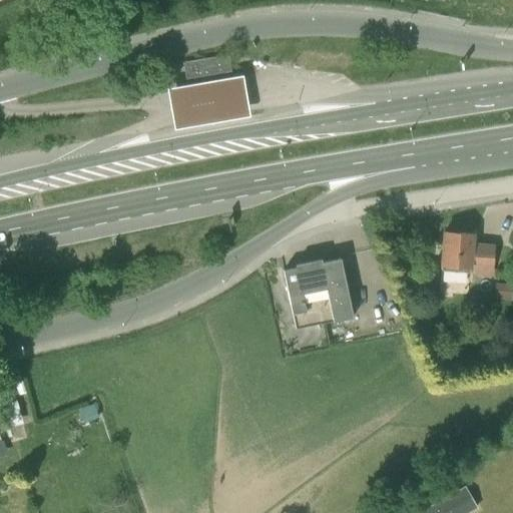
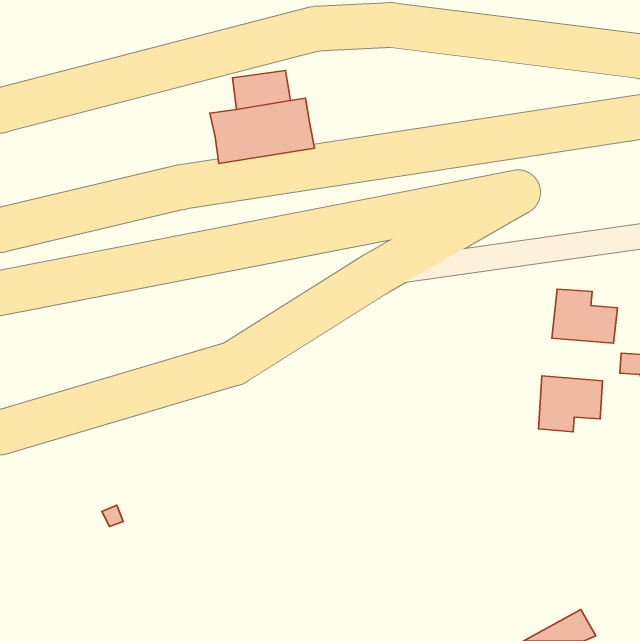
building: [285,256,354,328] -> none
building: none -> [539,376,603,432]

